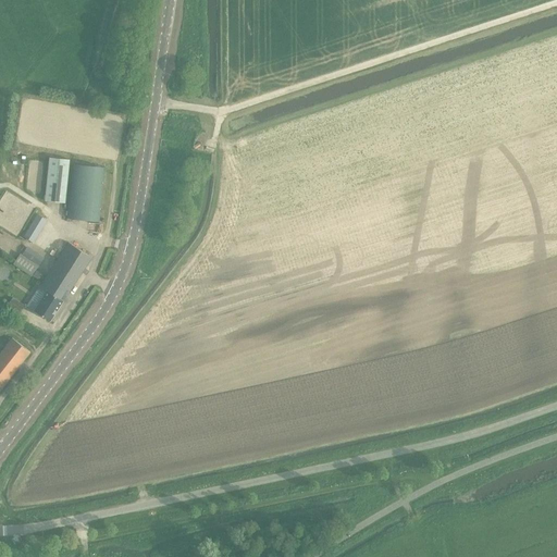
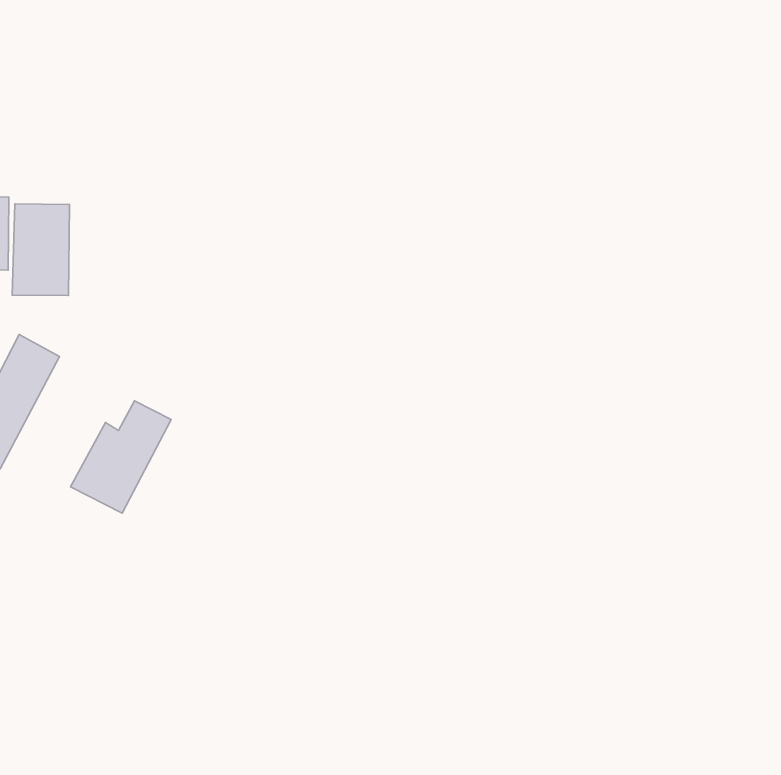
building: none -> [71,401,171,513]

